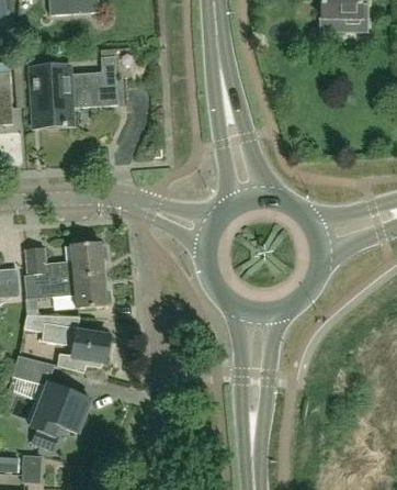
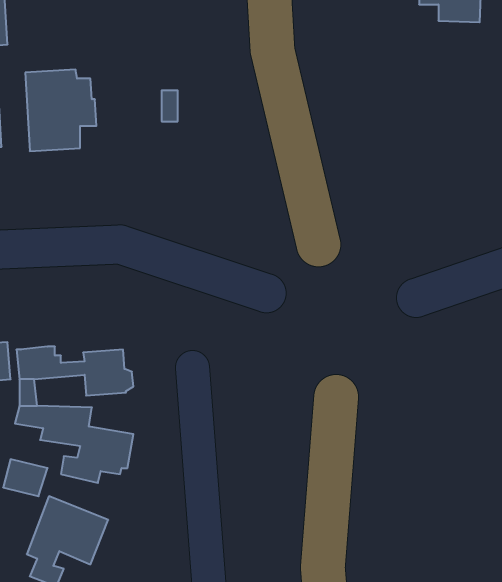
building: [78,46,117,108] -> none
building: [24,241,106,283] -> none

